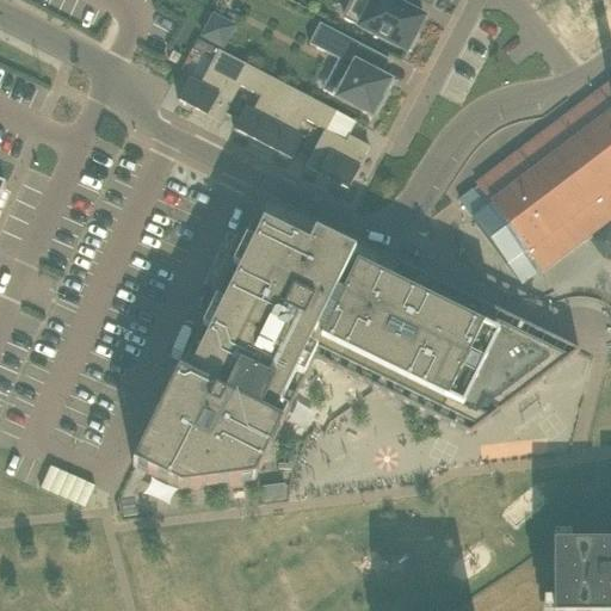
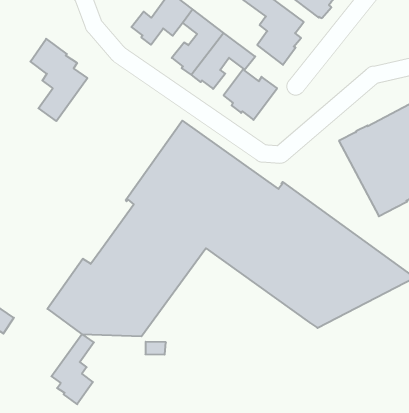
building: none -> [30,39,87,121]
building: none -> [51,334,94,404]

